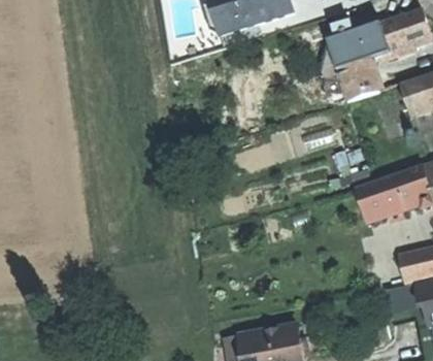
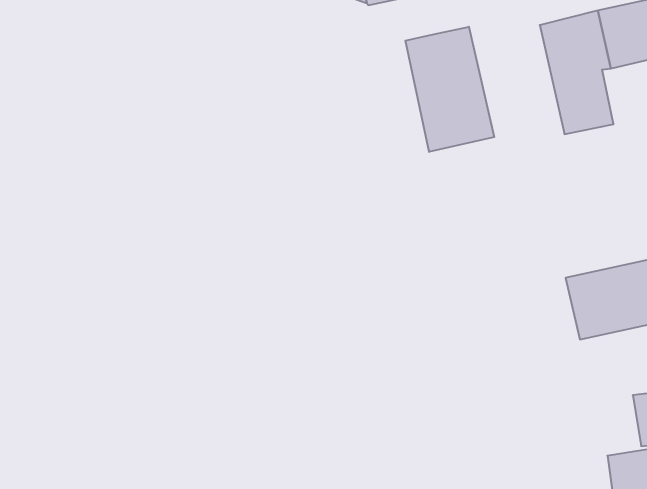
building: none -> [405,27,494,152]

